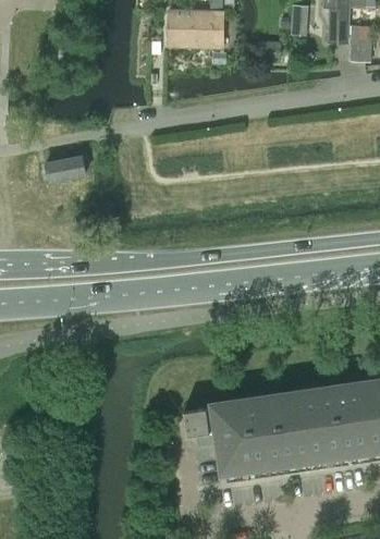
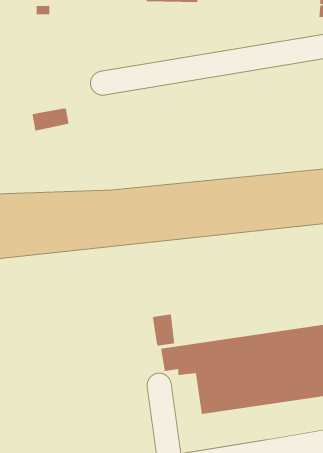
building: none -> [152,314,175,346]

